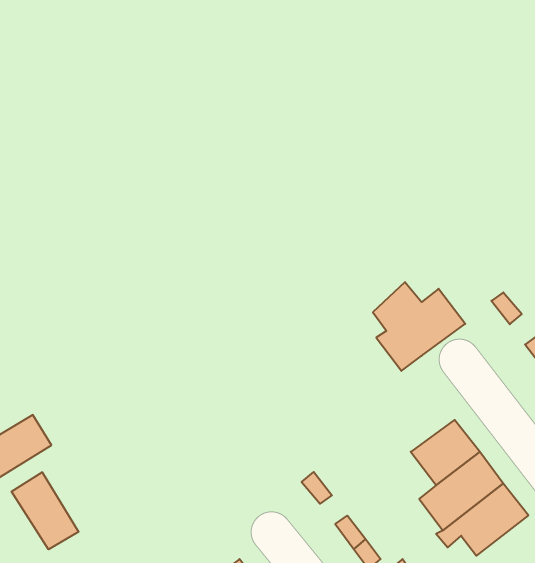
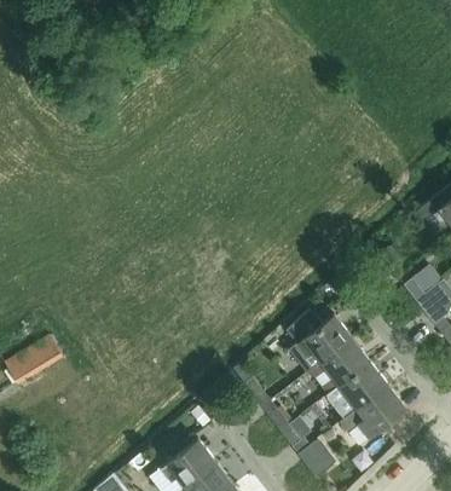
building: [373,282,465,371] -> [287,310,353,374]
building: [12,472,79,549] -> none

